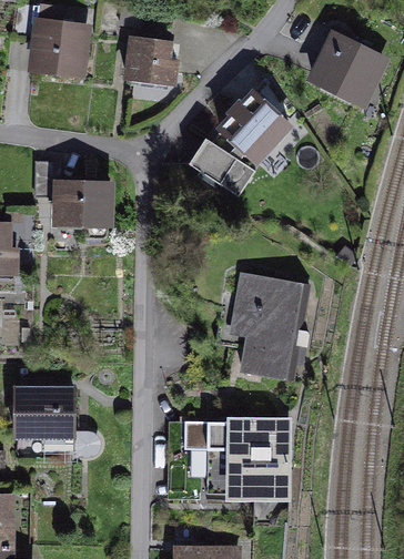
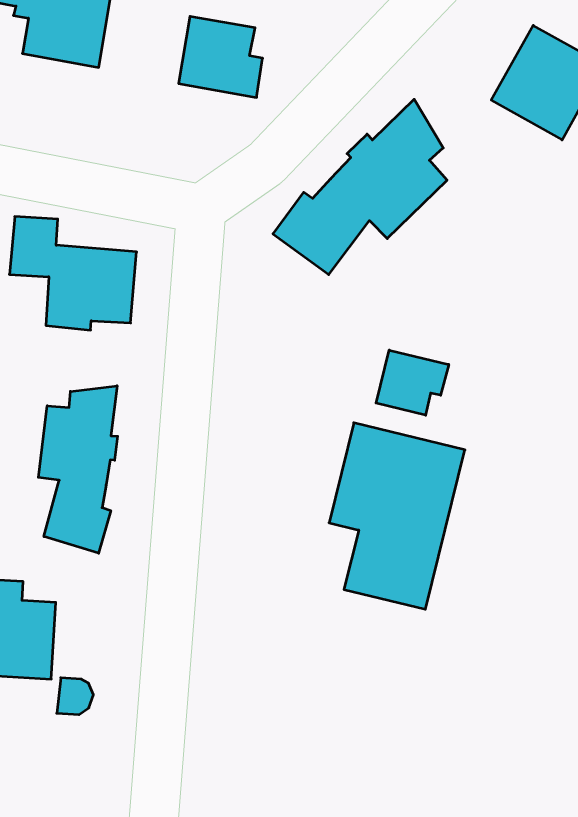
building: none -> [376,350,449,415]
building: none -> [38,386,118,553]
building: [204,421,284,496] -> none

